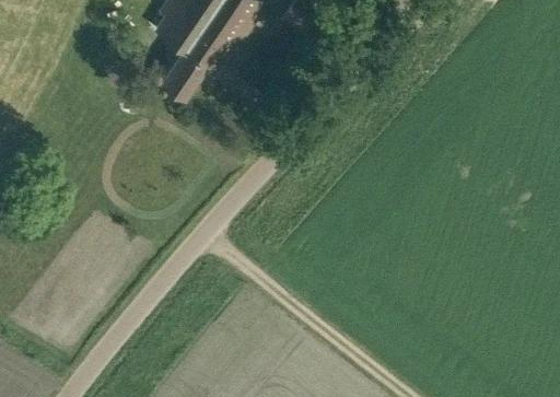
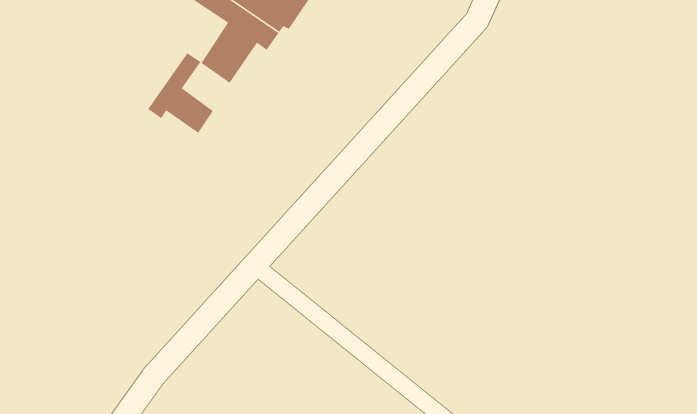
building: none -> [147,52,214,134]

